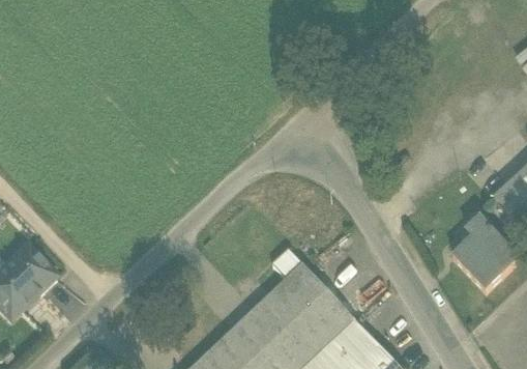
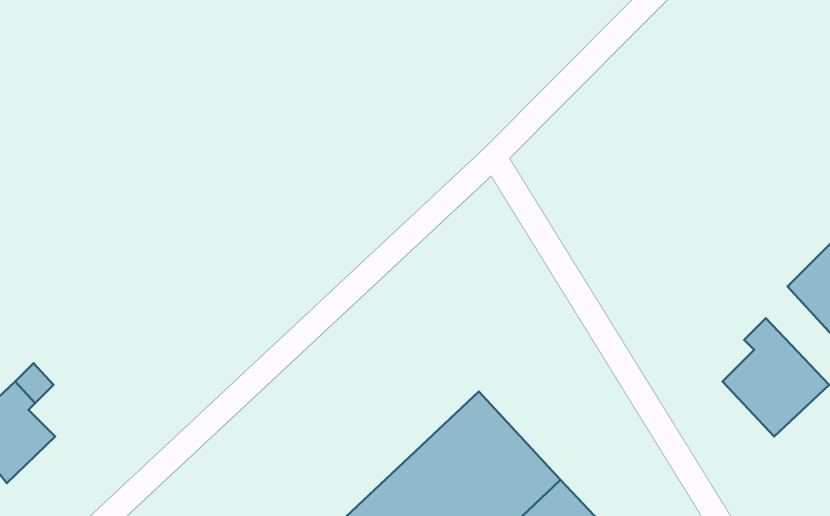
building: [22,257,56,291] -> none

